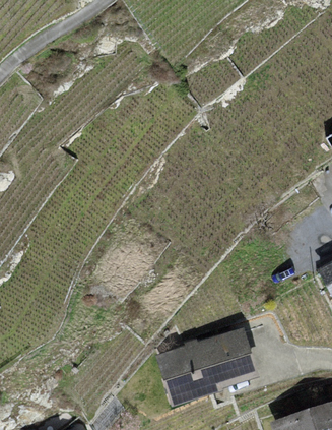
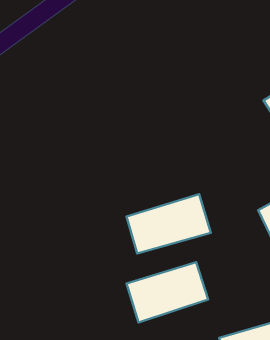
building: none -> [126,194,211,254]

